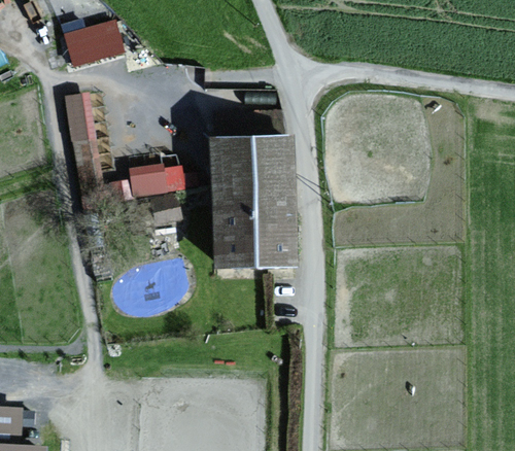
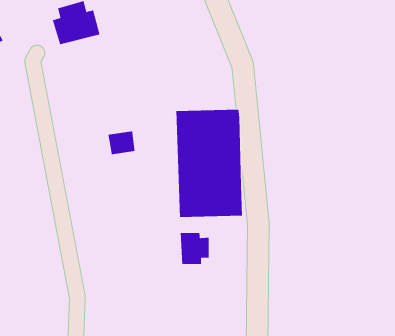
building: [67,98,102,185] -> none
building: none -> [180,232,210,265]

